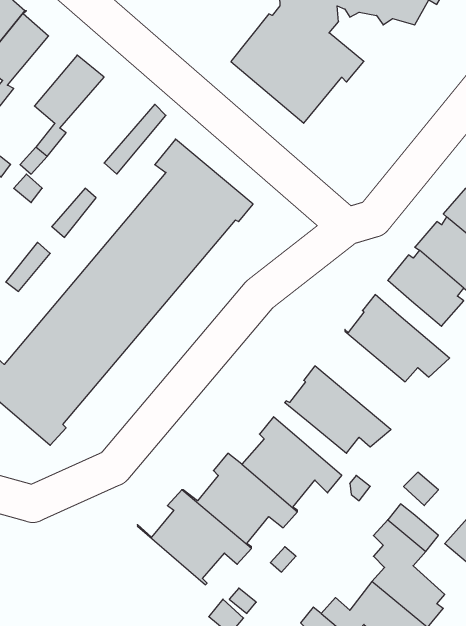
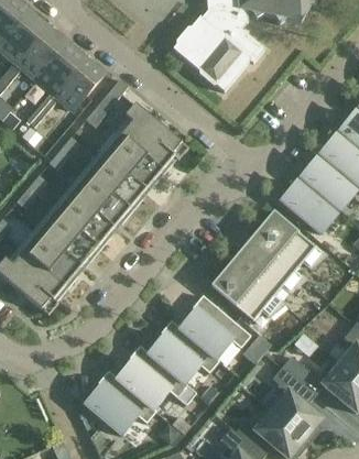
building: none -> [17,30,65,78]
building: none -> [53,58,102,110]
building: none -> [230,234,304,303]
building: none -> [85,370,154,434]

